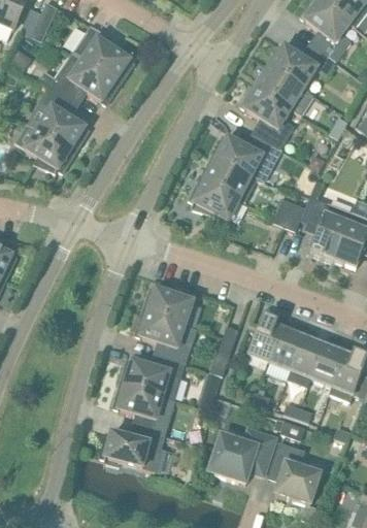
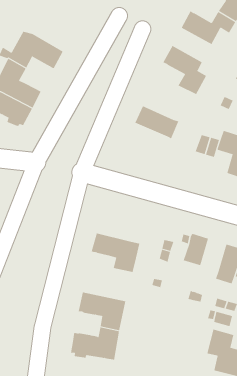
building: [71,24,134,81] -> none
building: [255,63,314,113] -> none
building: [212,134,280,180] -> none
building: [190,176,240,219] -> none
building: [143,283,193,323] -> none
building: [270,327,303,368] -> none
building: [121,355,186,397] -> none
building: [209,427,275,482] -> none

